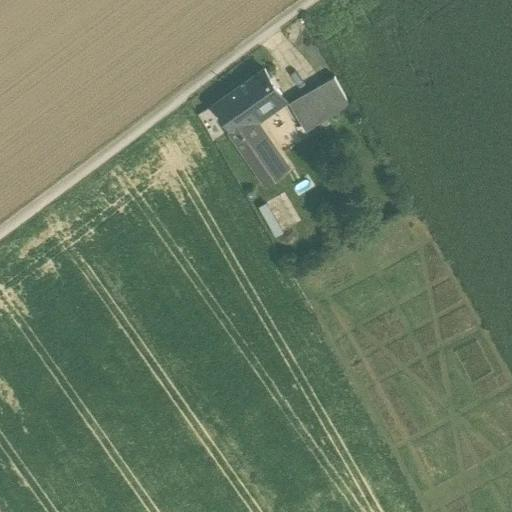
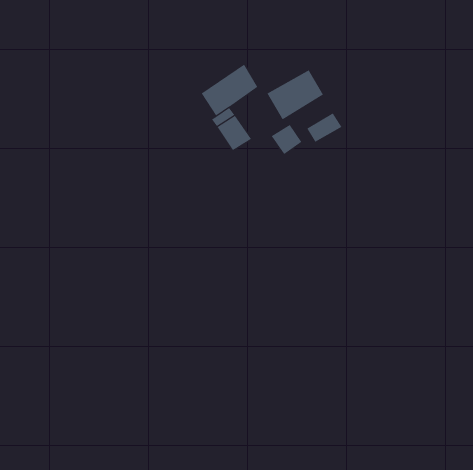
building: none -> [307,113,342,143]
building: [251,153,285,186] -> [271,124,302,155]

